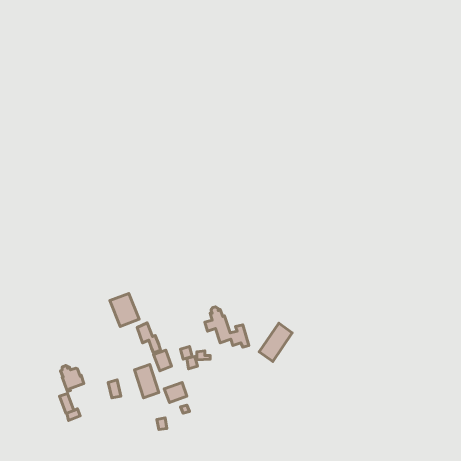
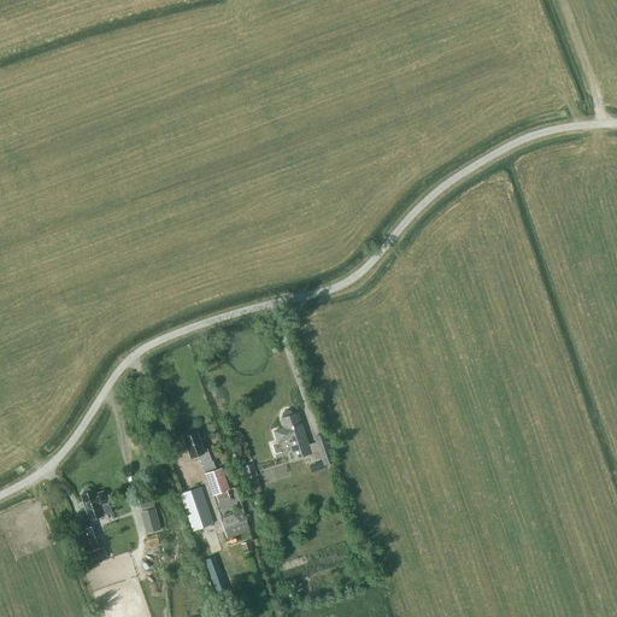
building: [110,293,139,326] -> none
building: [259,323,292,362] -> none

